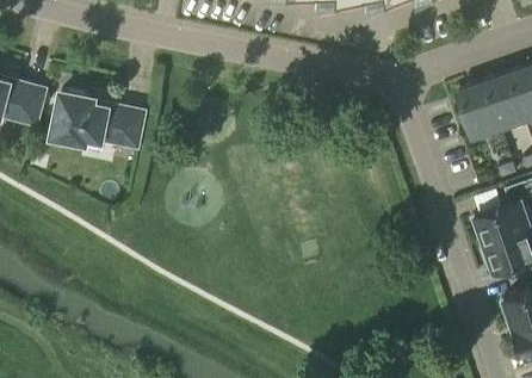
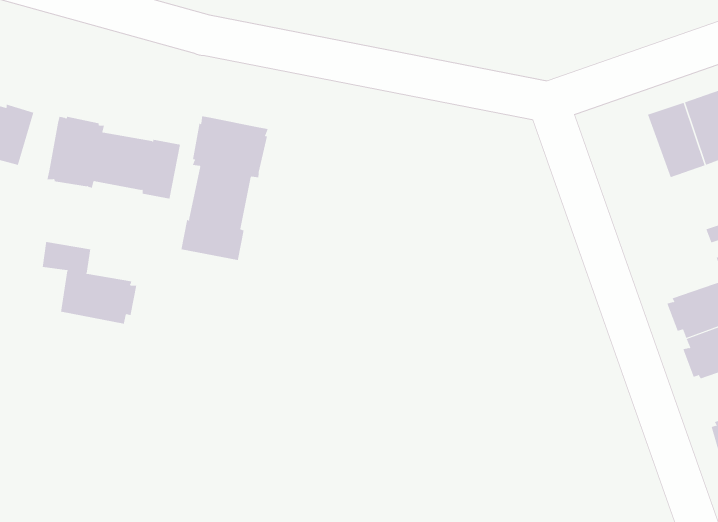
building: none -> [181,116,269,261]
building: none -> [42,241,137,325]

